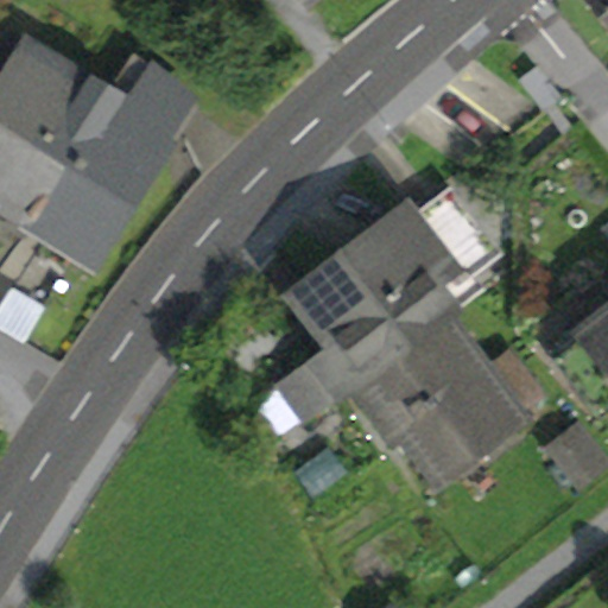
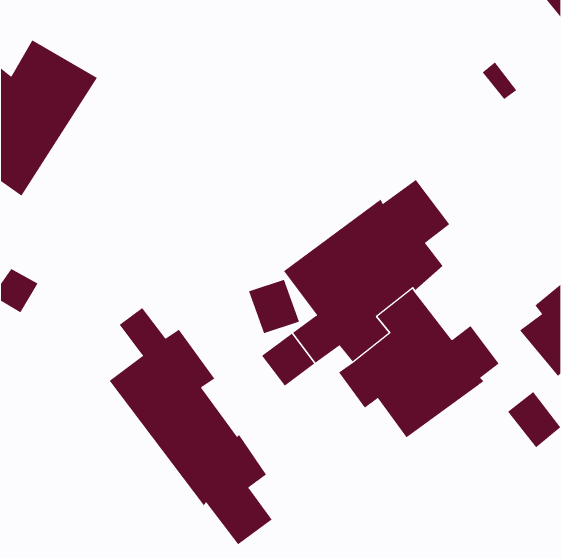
building: [24,52,189,254] -> none
building: none -> [109,307,273,545]

